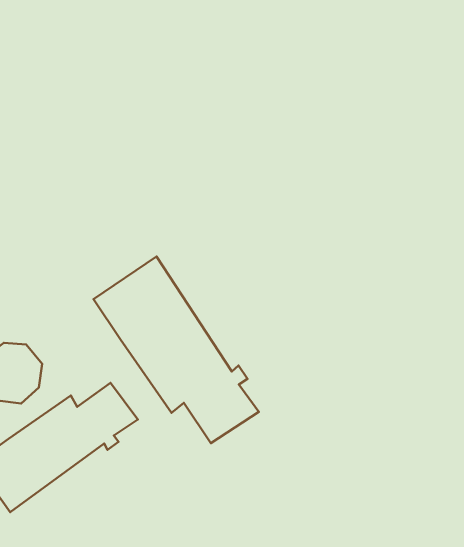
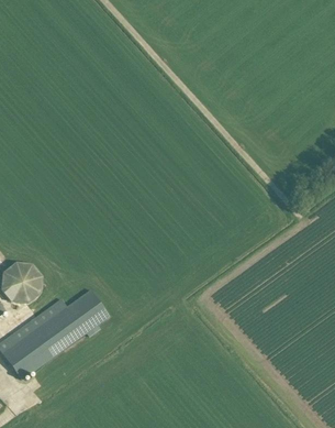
building: [94,257,259,443] -> none

